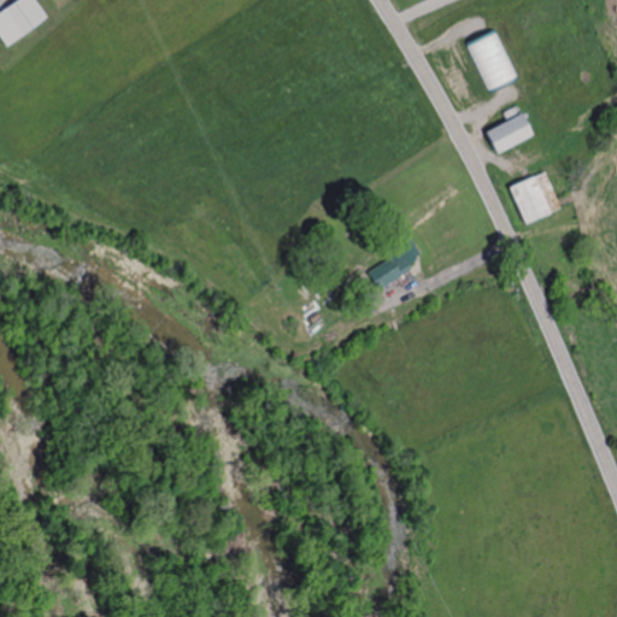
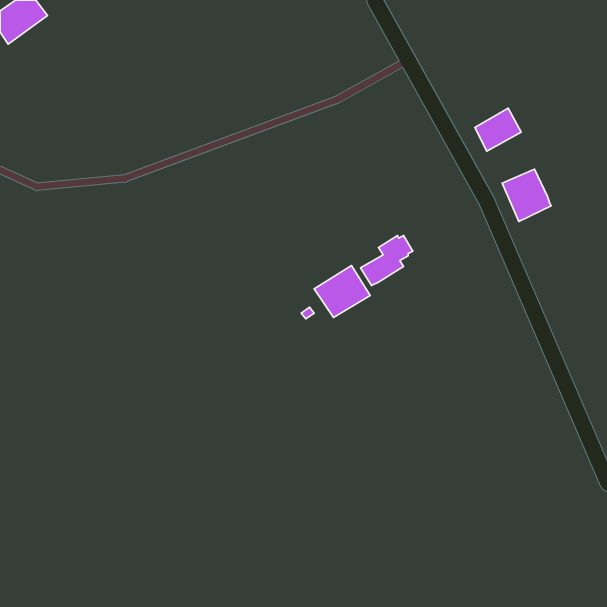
building: [463,28,517,92] -> none
building: none -> [314,266,370,317]

